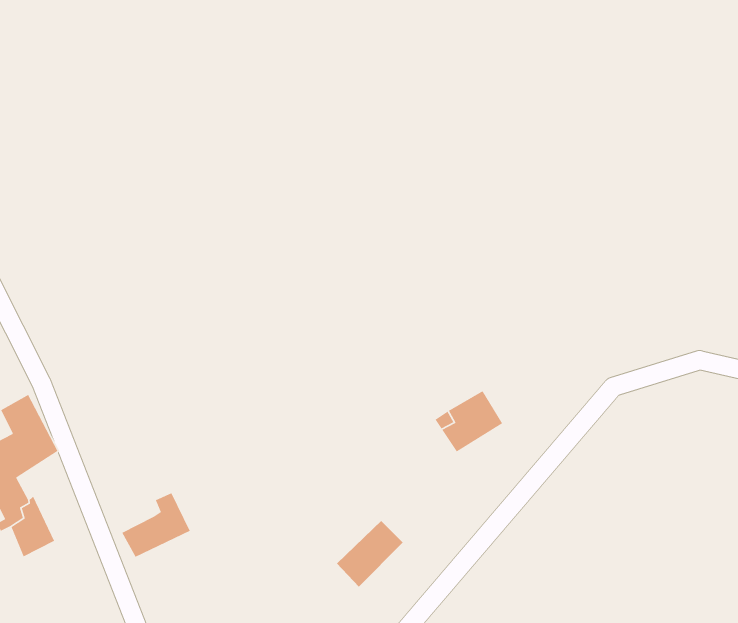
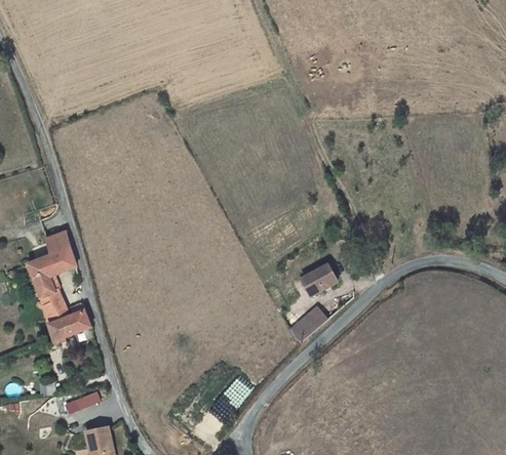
building: [121,492,191,558] -> [49,305,89,340]
building: [336,520,404,588] -> [286,305,326,342]

